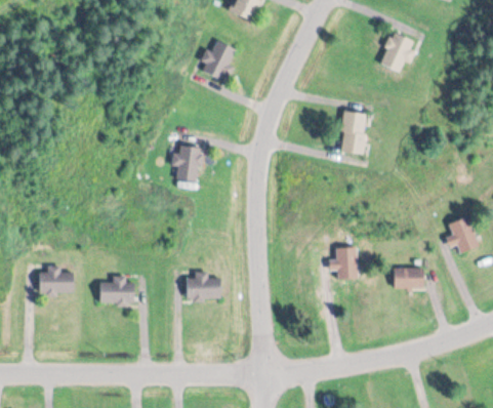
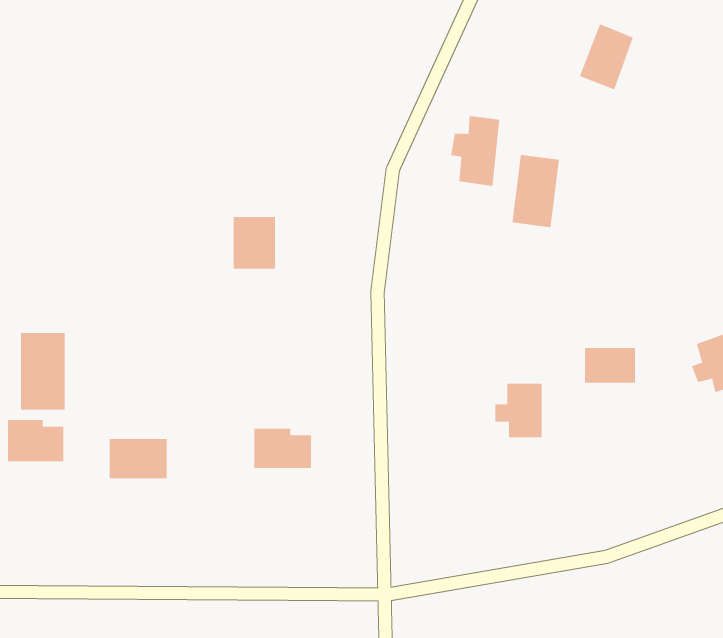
building: [204,44,233,79] -> none
building: none -> [450,115,500,187]
building: none -> [20,332,66,410]
building: [394,268,424,289] -> [584,347,636,383]

